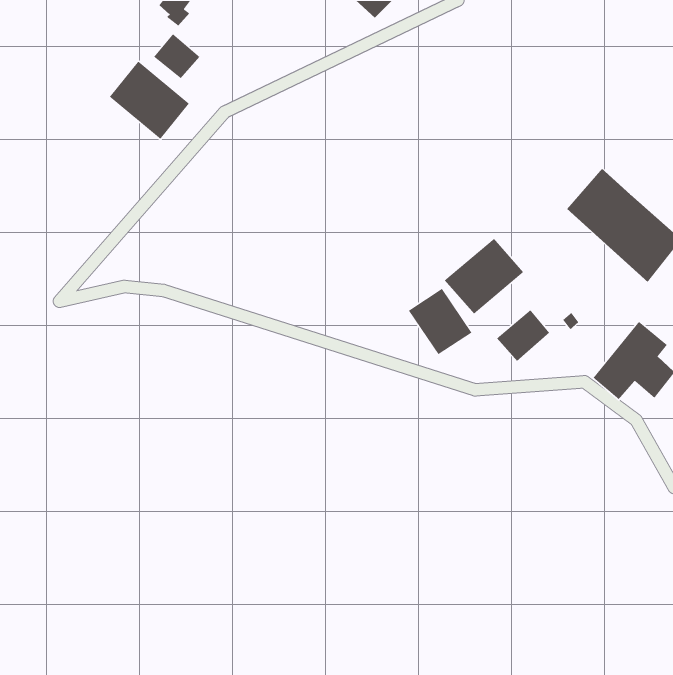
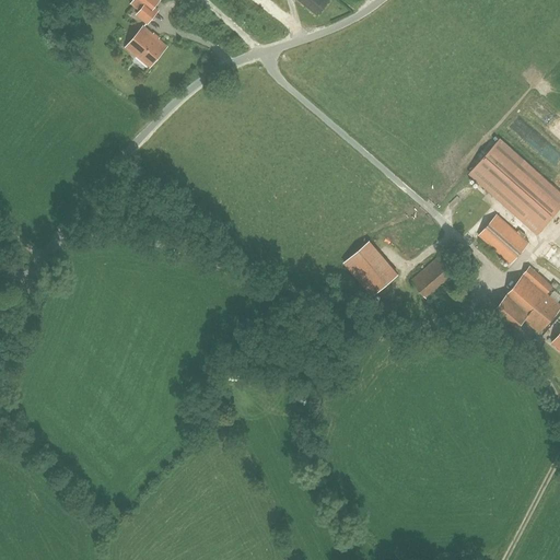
building: [109,61,190,140] -> none
building: [444,238,524,315] -> none
building: none -> [479,215,529,264]

